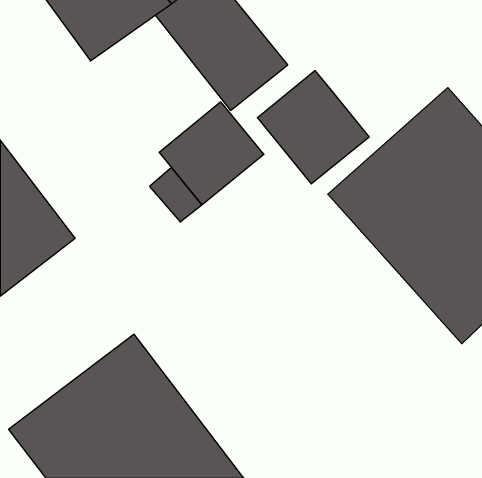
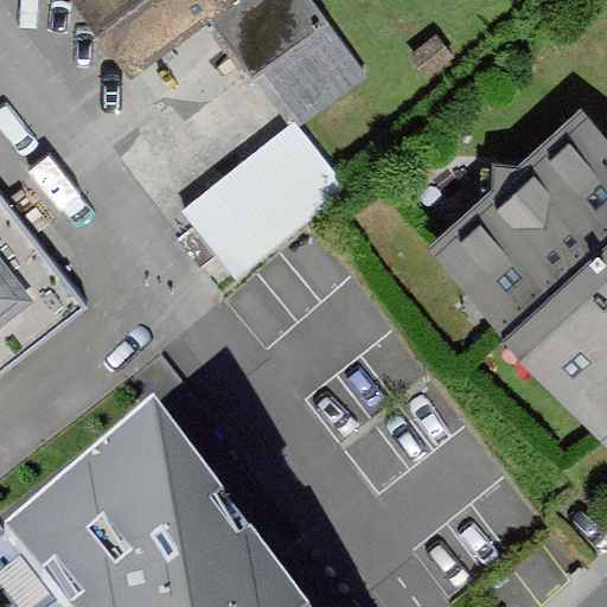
building: [257,71,369,184] -> none

